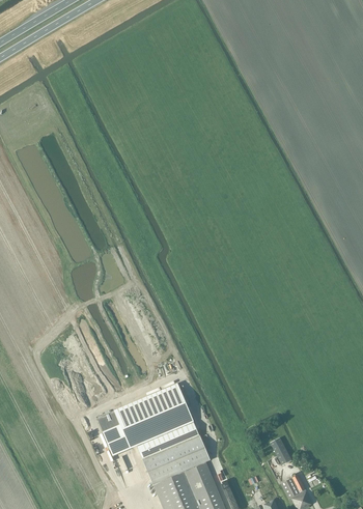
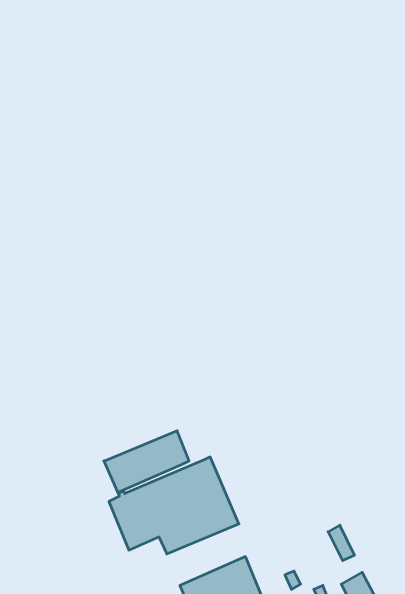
building: [143,436,211,486] -> [104,431,189,494]

